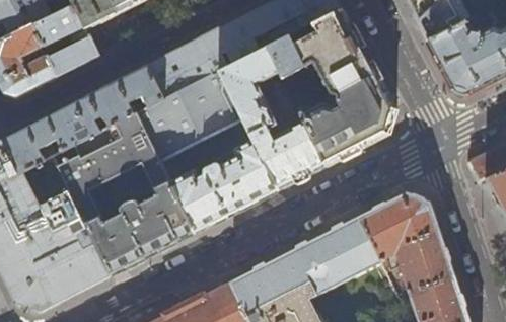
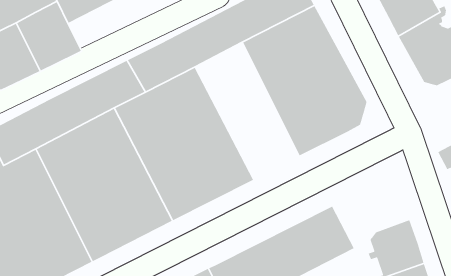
building: [216,48,323,190] -> none
building: [358,192,438,270] -> none

